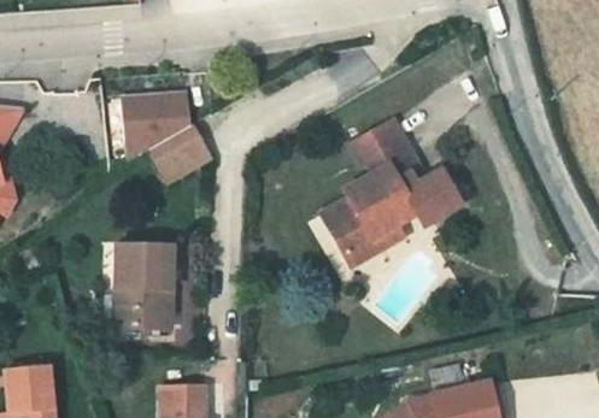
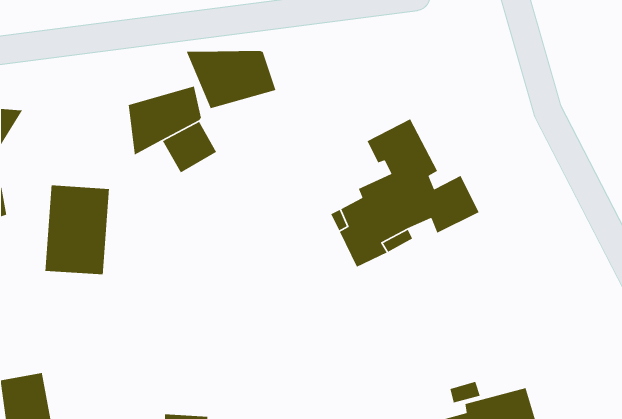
building: none -> [185,50,276,109]
building: [108,239,171,325] -> [44,185,110,275]

